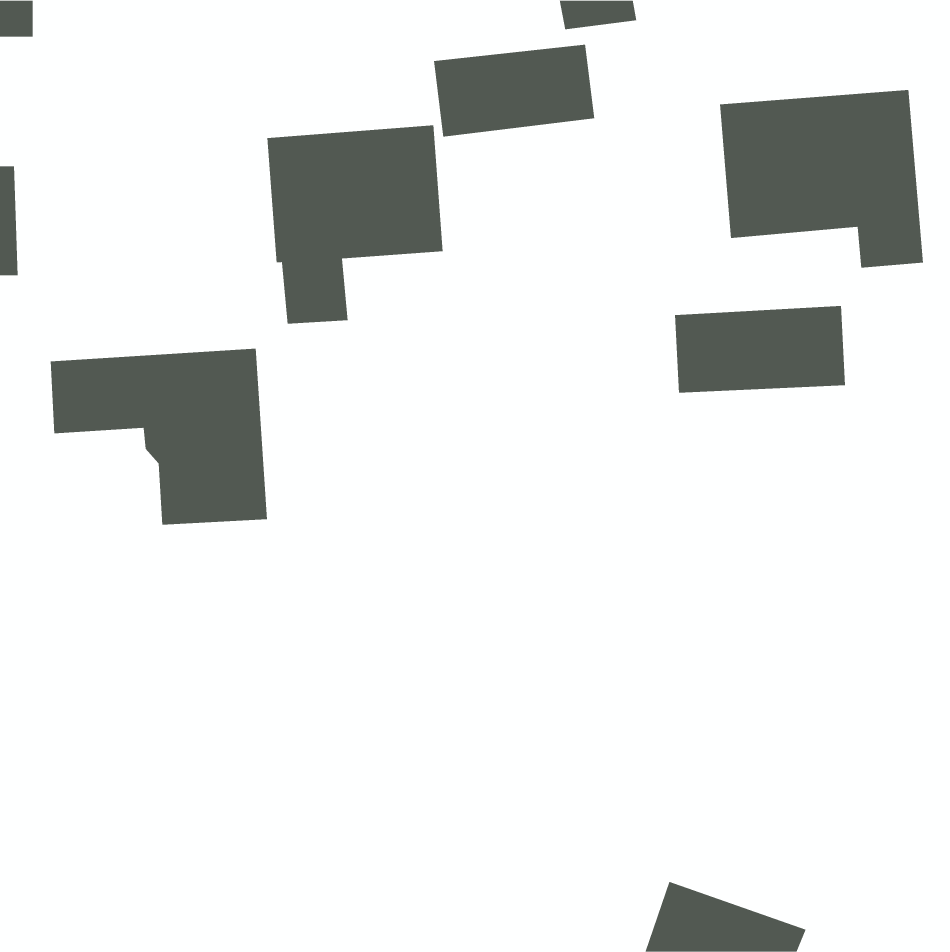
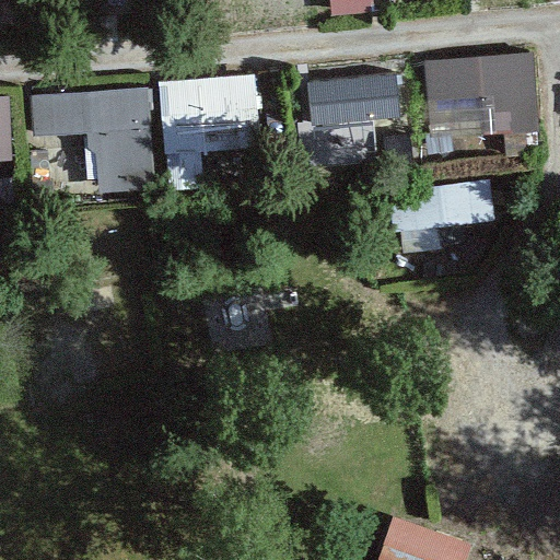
building: [433,44,595,137] -> [305,72,400,127]
building: [50,348,268,525] -> [31,89,159,192]

